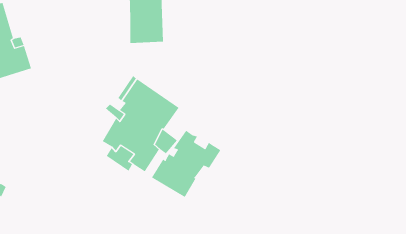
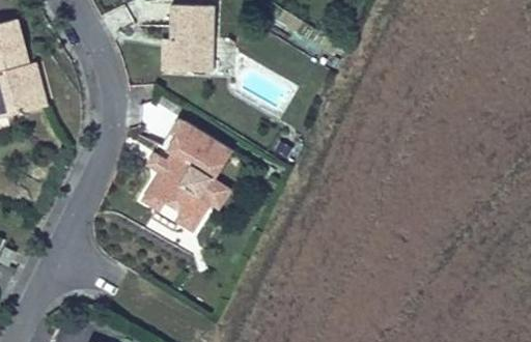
building: [151,130,221,198] -> none

